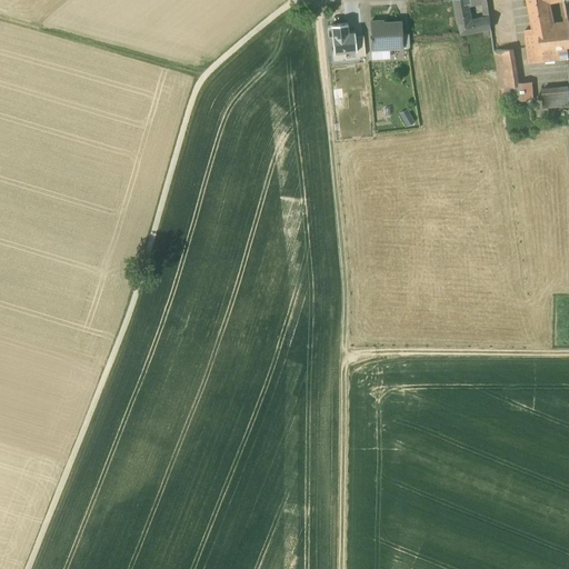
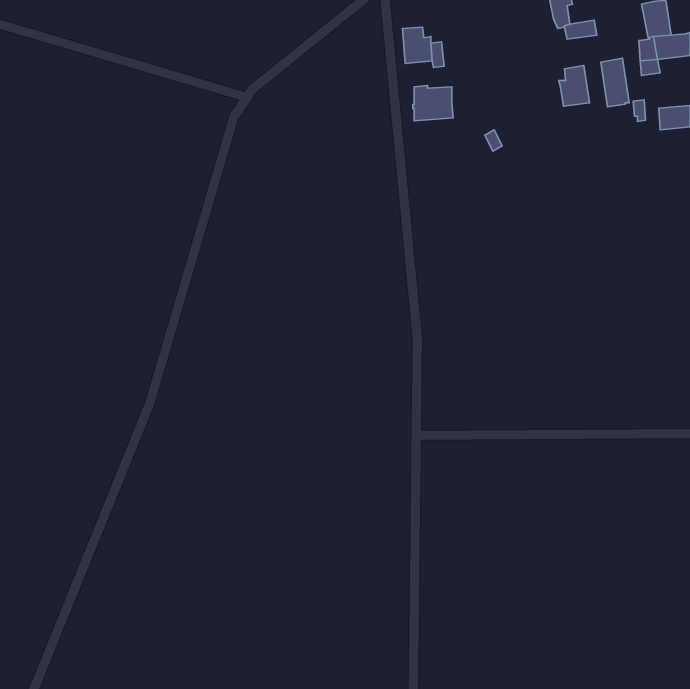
building: [370,20,403,49] -> [413,86,453,121]
building: none -> [559,66,589,106]

